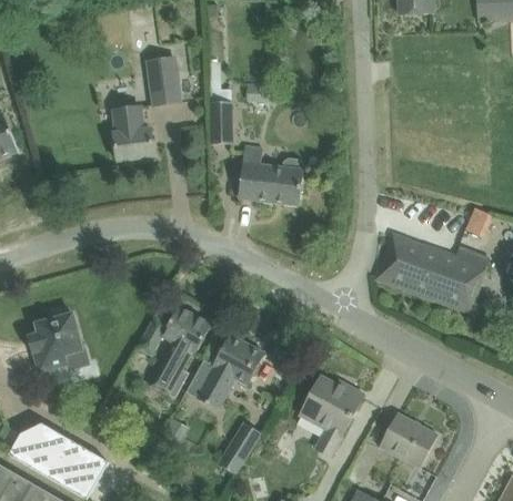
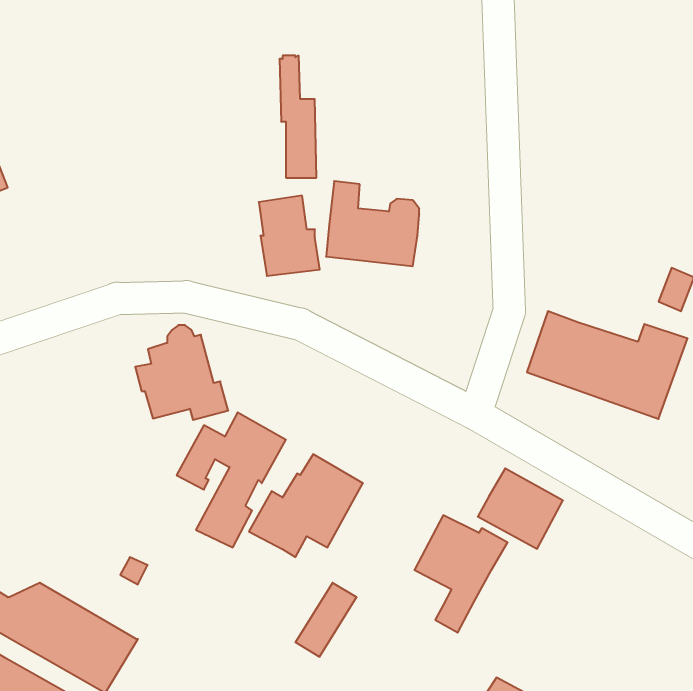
building: [145,57,182,108] -> none
building: [112,105,154,161] -> [259,196,320,276]
building: [27,307,91,372] -> [135,325,228,420]
building: [379,413,437,469] -> [478,468,563,549]

